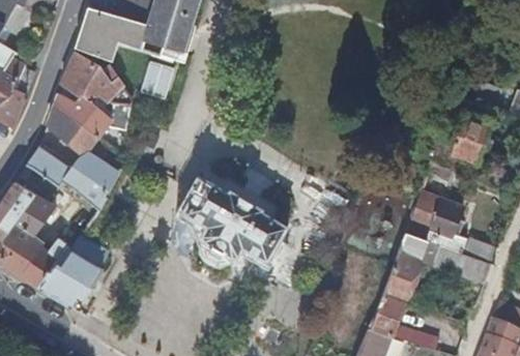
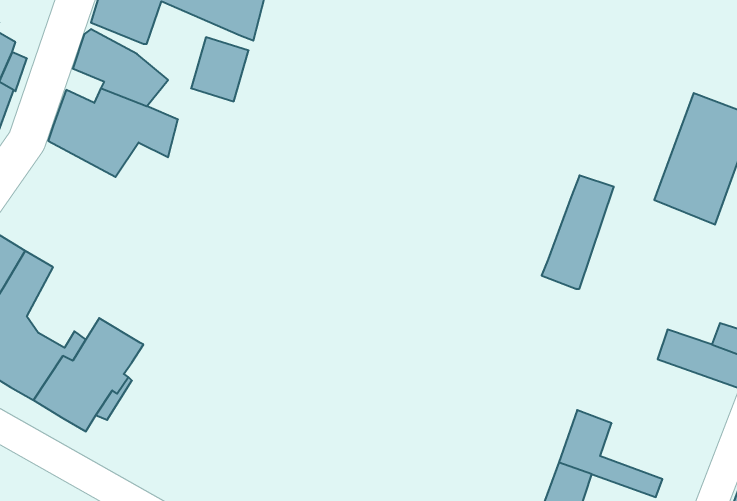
building: [26,147,116,204] -> none
building: [180,177,286,261] -> none
building: [428,195,463,235] -> none
building: [381,231,427,302] -> [542,175,614,289]

